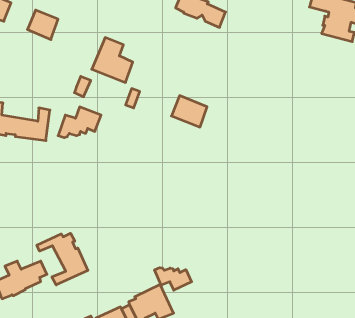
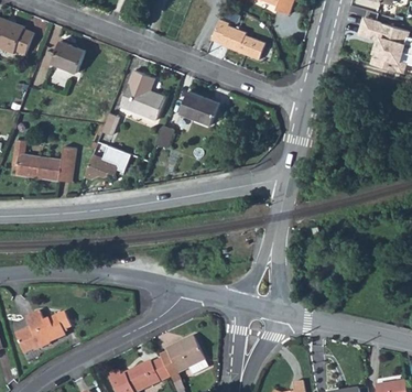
building: [171,96,207,127] -> [180,89,218,123]
building: [37,233,88,285] -> none
building: [155,268,192,290] -> none

